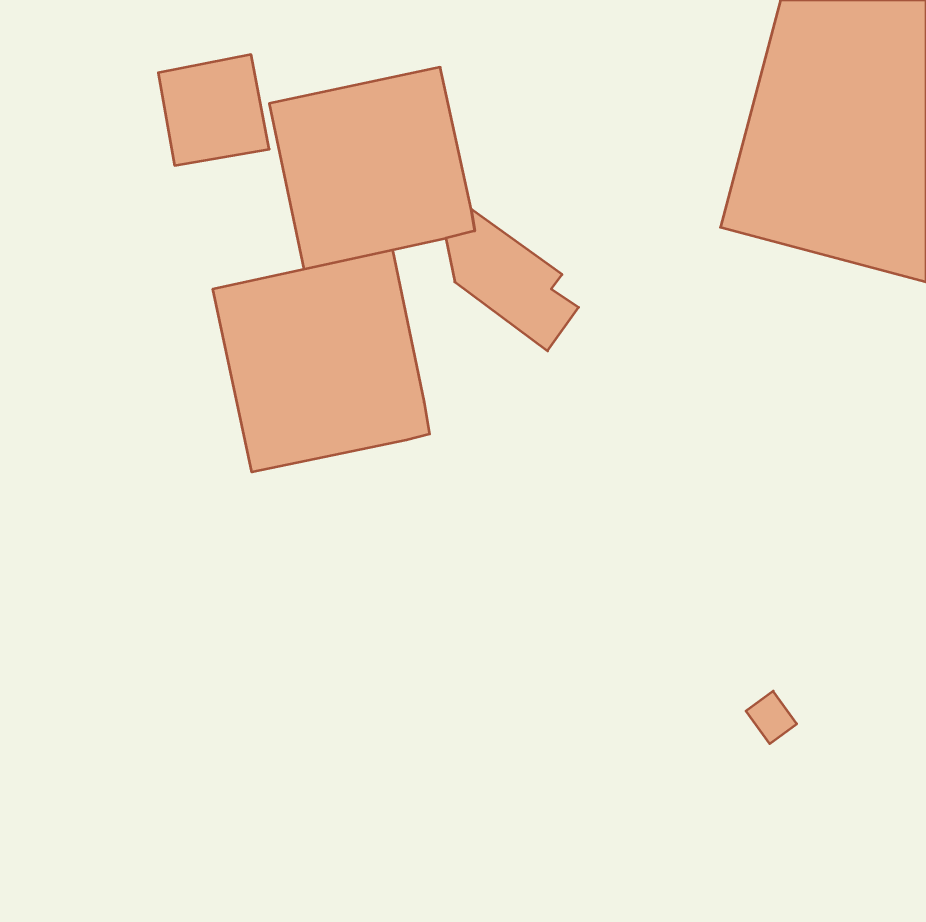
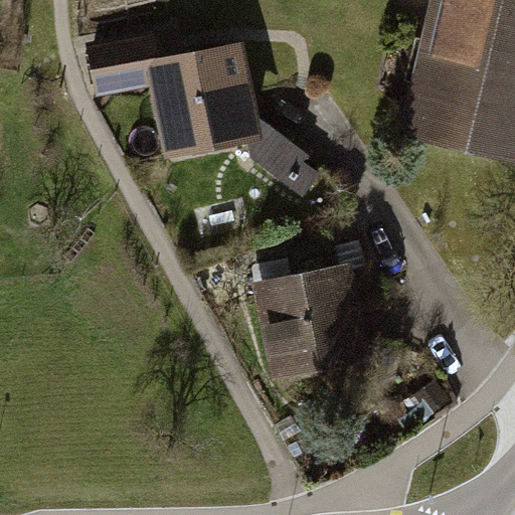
building: [213,250,430,472] -> none
building: none -> [253,261,372,377]

